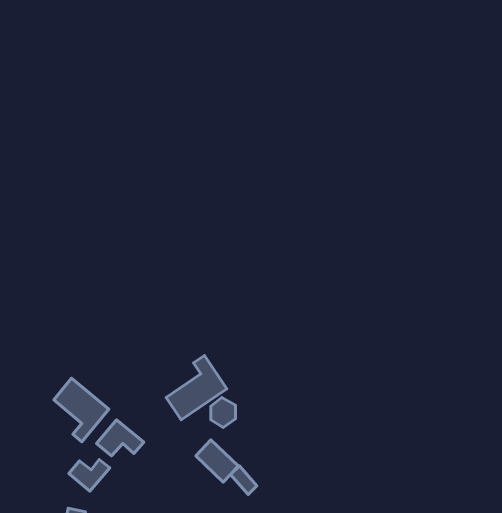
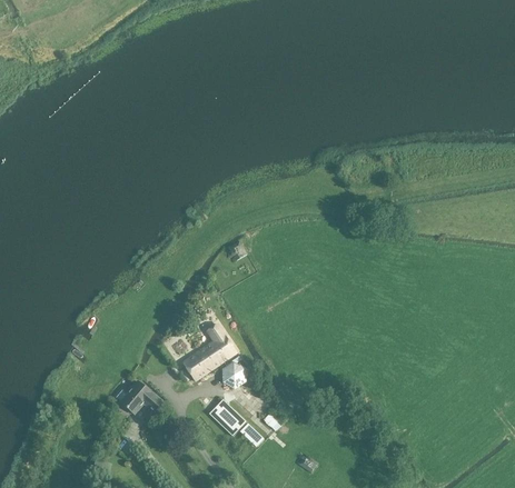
building: [54,378,109,442] -> none
building: [69,460,110,491] -> none

